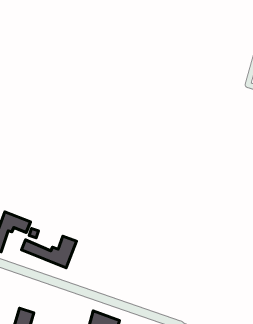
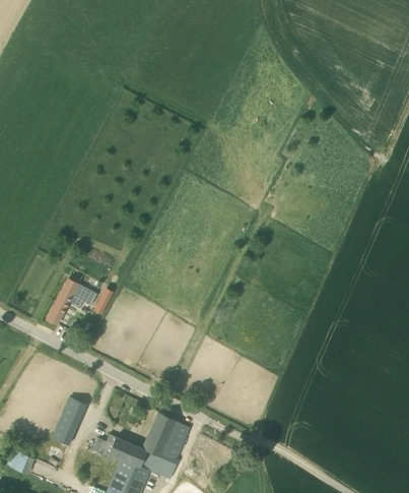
building: [21,236,76,268] -> none

